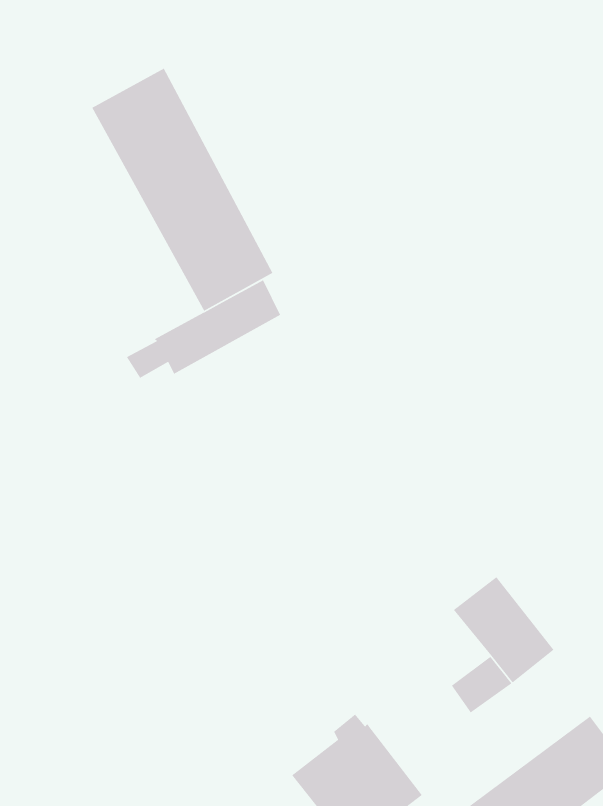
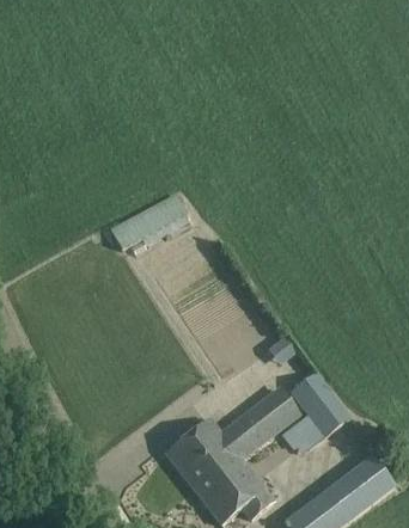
building: [91,68,273,312] -> none
building: none -> [166,388,299,490]

